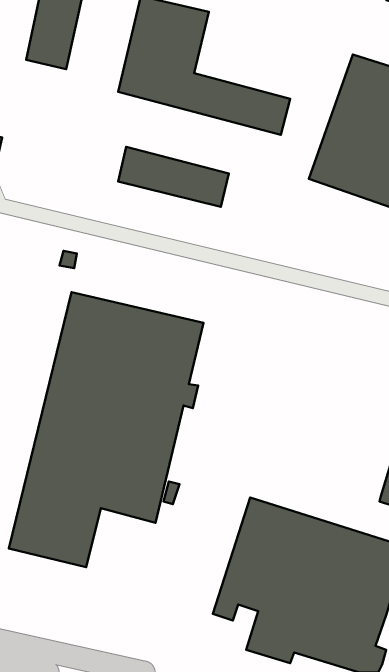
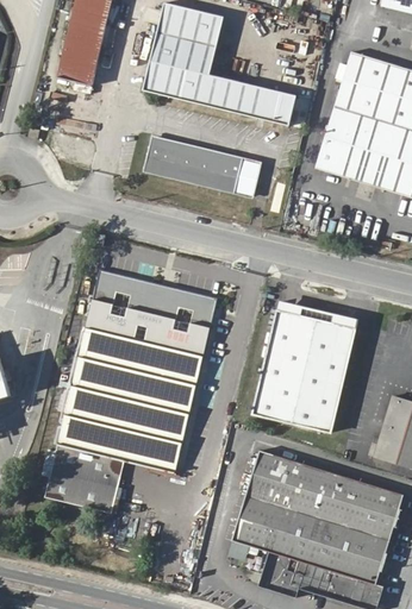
building: none -> [56,59,96,84]
building: none -> [235,161,260,195]
building: none -> [249,306,352,431]

